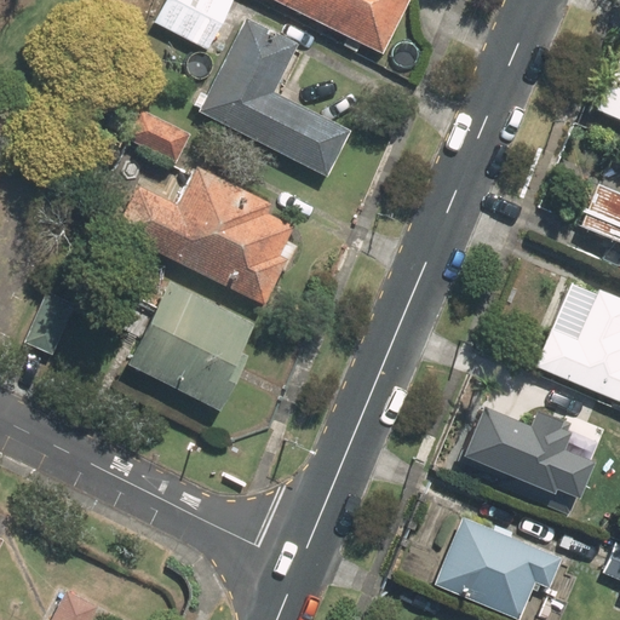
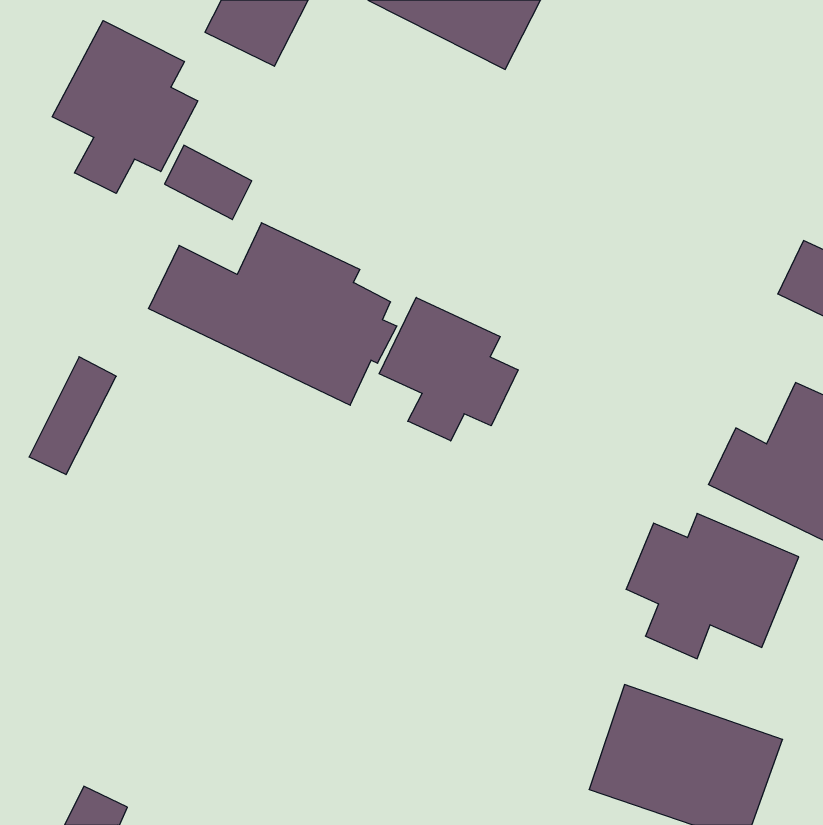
building: none -> [52,21,198,193]
building: [196,17,351,176] -> none
building: none -> [379,297,518,441]
building: [125,280,254,413] -> none

